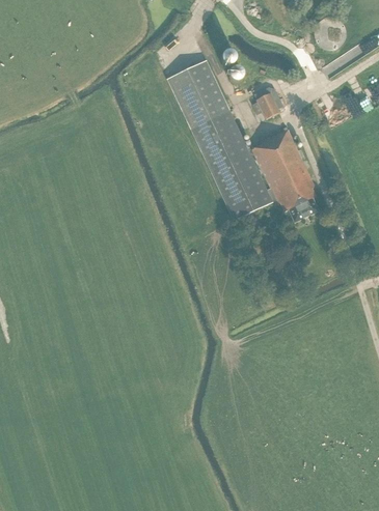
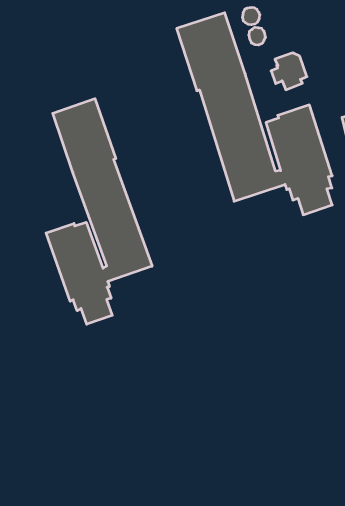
building: none -> [46,99,152,324]

